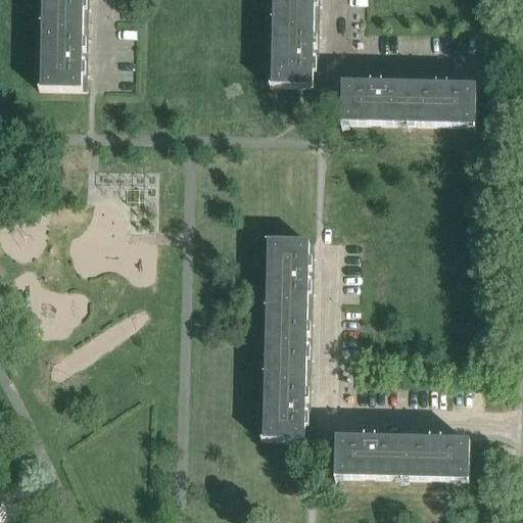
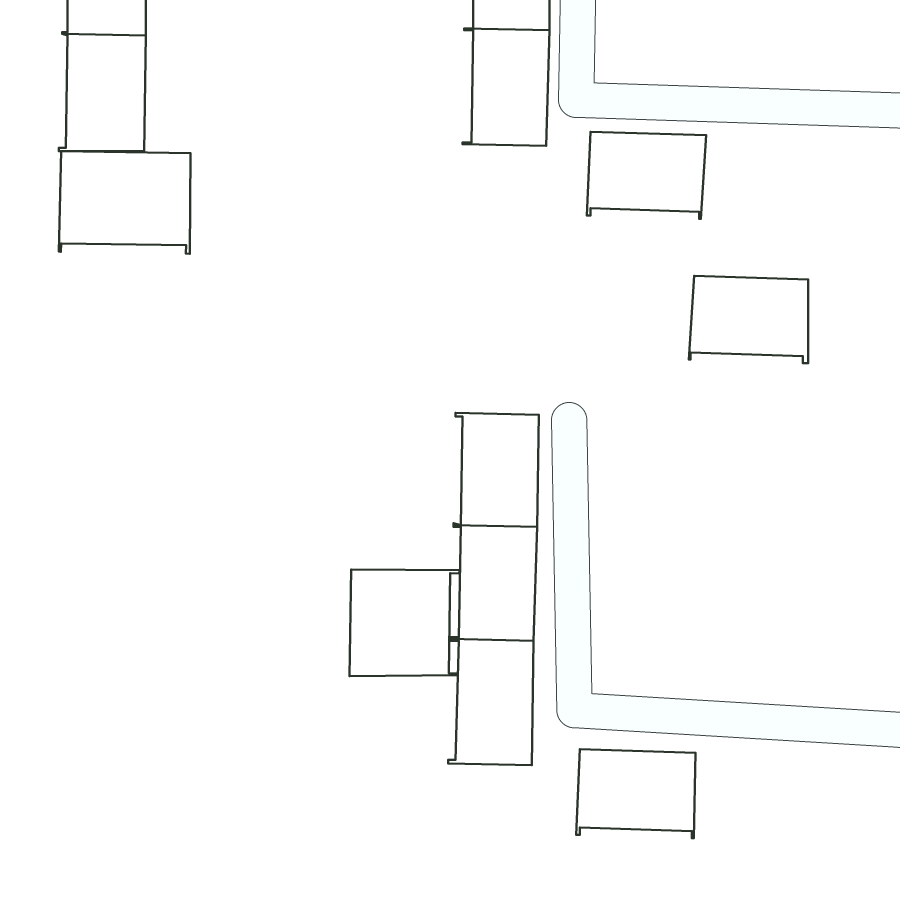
building: [402,78,471,128] -> [689,276,808,363]
building: none -> [59,151,190,254]
building: none -> [350,570,459,676]
building: [398,432,466,482] -> none

